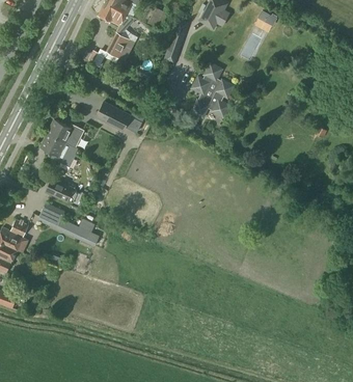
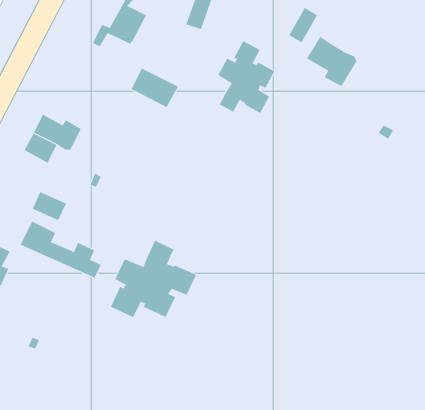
building: none -> [306,36,357,87]
building: [94,102,132,133] -> [131,68,179,108]
building: none -> [110,240,197,318]

